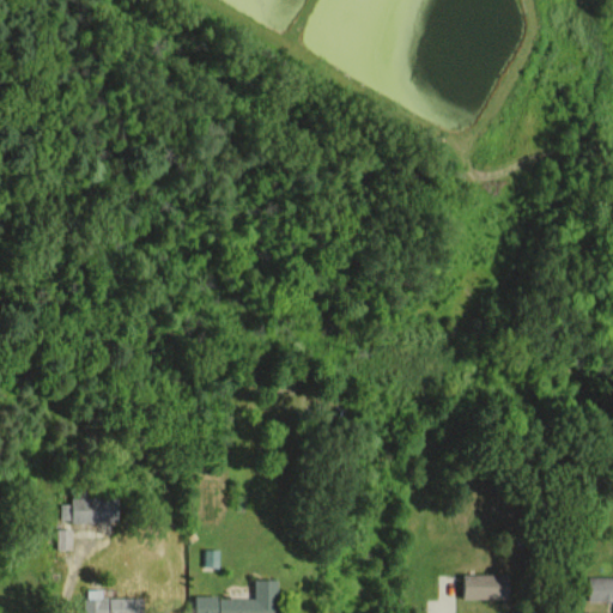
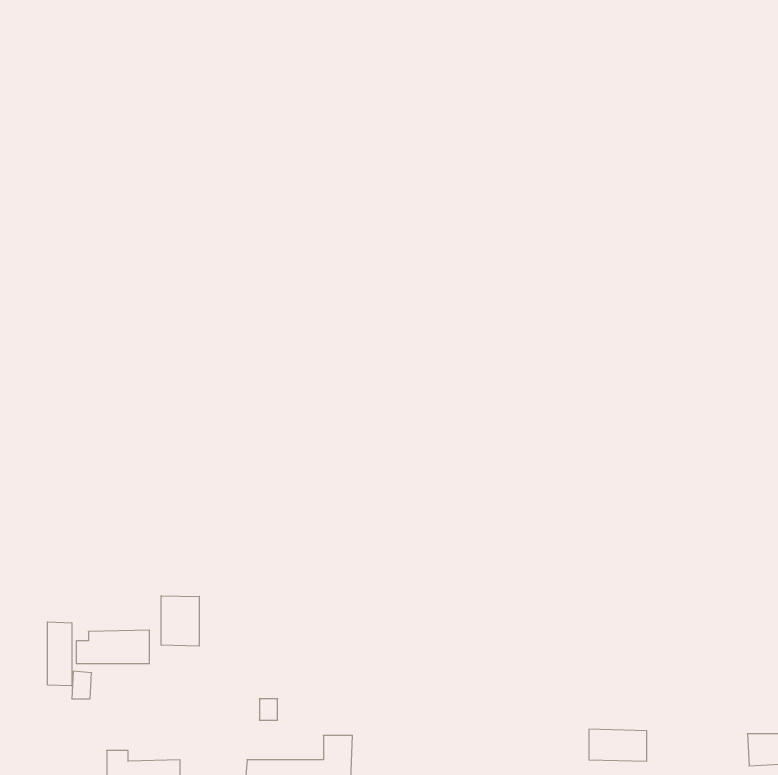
building: none -> [161,596,199,646]
building: none -> [48,622,72,686]

